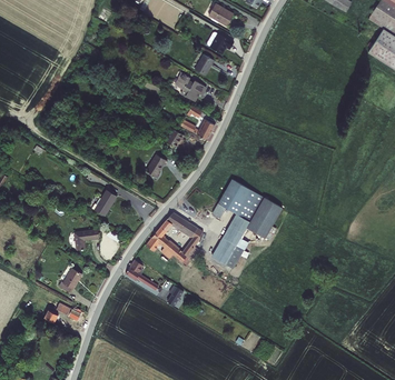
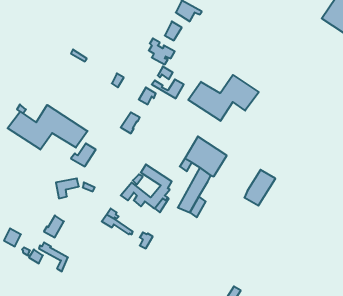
building: none -> [188,75,259,121]
building: none -> [8,105,88,150]
building: [246,202,280,242] -> [244,170,275,206]

